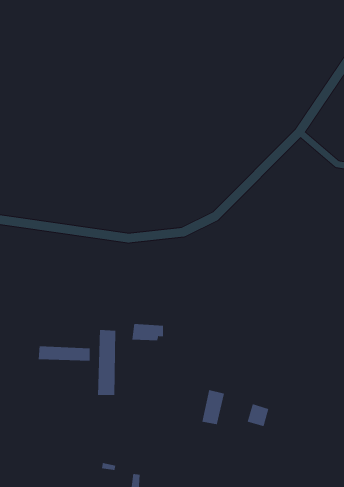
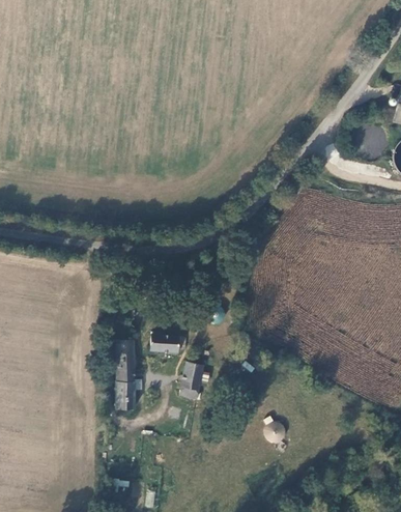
building: [38,345,90,362] -> none
building: [201,389,225,425] -> [177,361,201,397]

